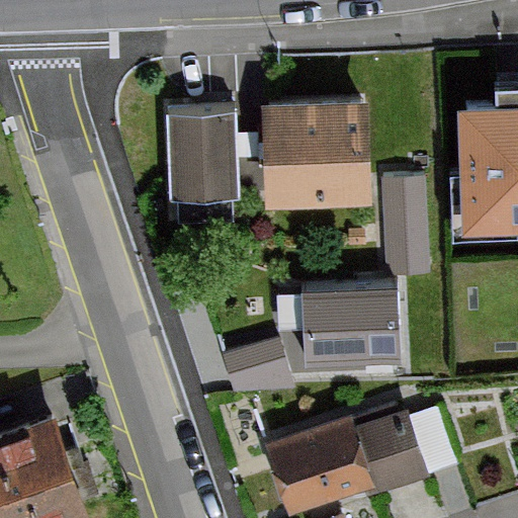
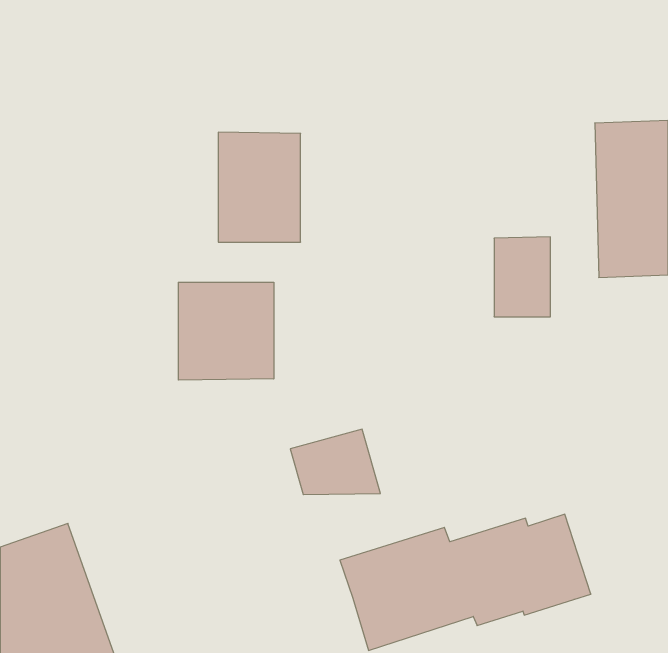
building: [261,103,368,203] -> none
building: none -> [178,282,274,380]
building: [301,288,402,366] -> none

